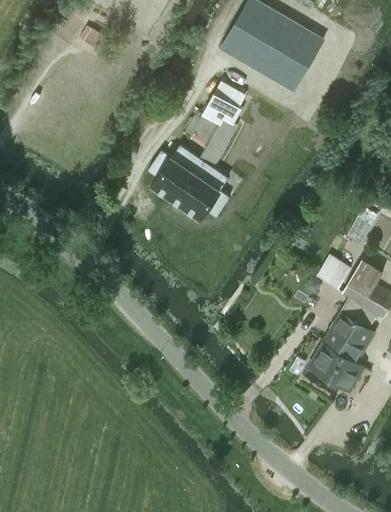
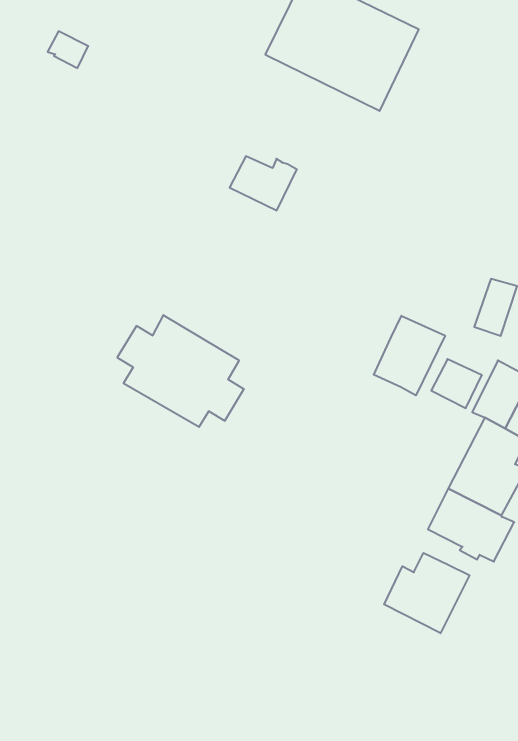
building: [203,82,245,124] -> none
building: [147,145,229,220] -> [117,315,244,427]
building: none -> [374,316,445,395]
building: none -> [384,553,470,633]

